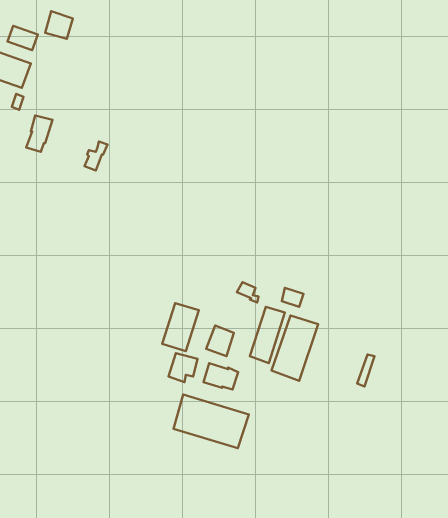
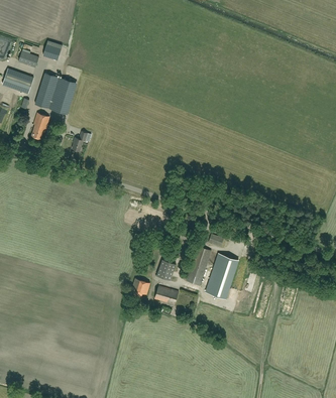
building: none -> [35,73,73,112]
building: [162,303,199,351] -> none
building: [173,394,249,448] -> none

